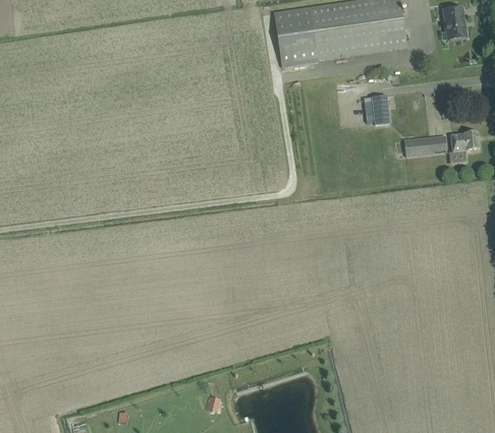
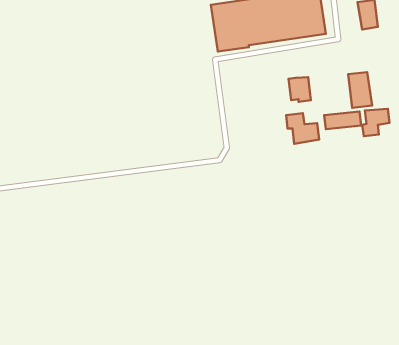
building: none -> [348,72,372,108]
building: none -> [286,113,319,144]

